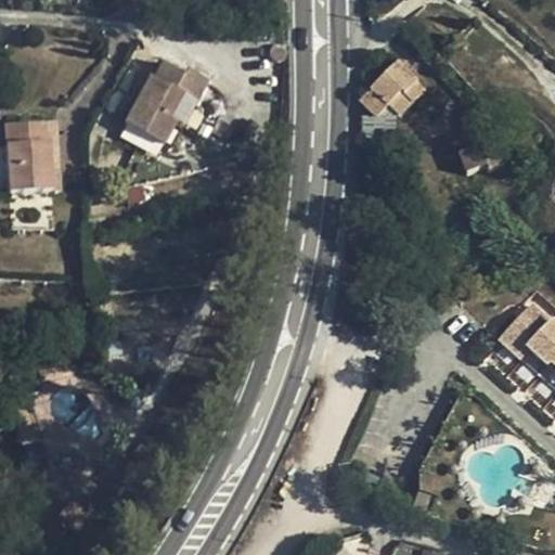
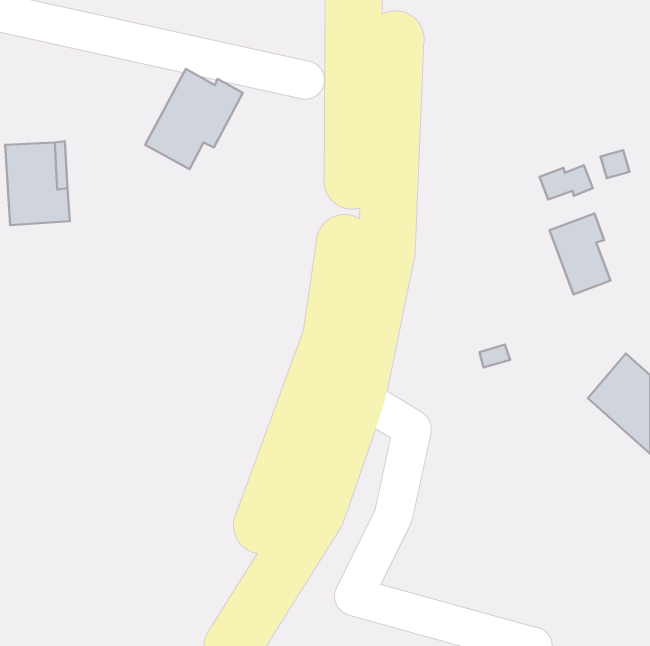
building: [359,59,422,114] -> none
building: none -> [550,214,611,295]

